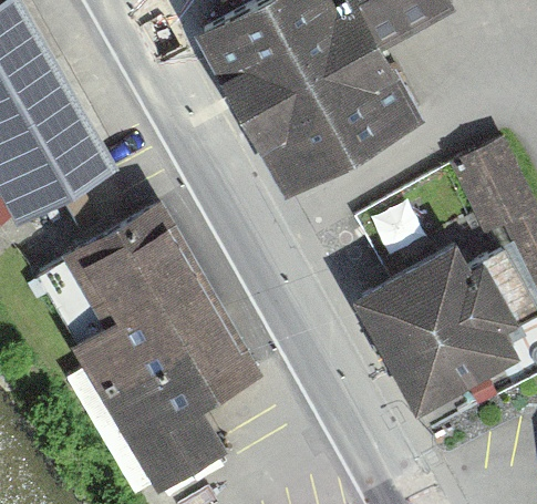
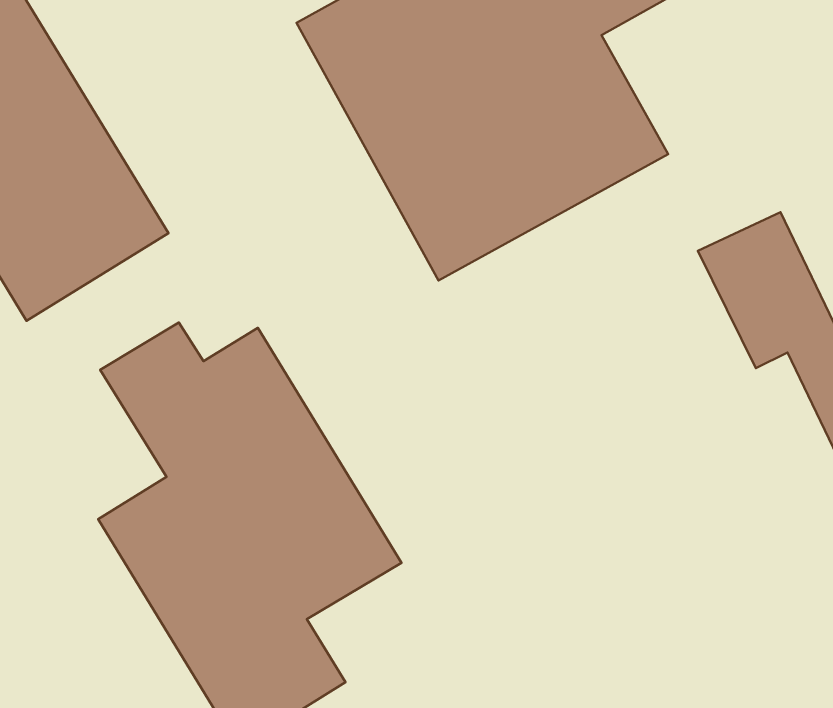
building: [353,246,518,415] -> none

